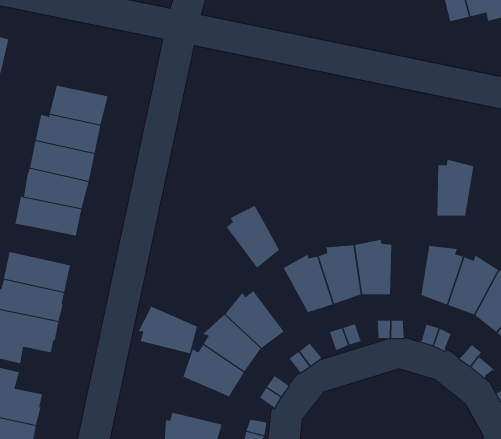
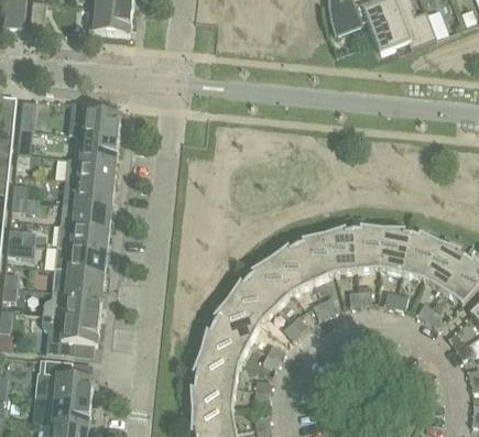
building: none -> [67,100,121,138]
building: [436,159,474,216] -> [355,225,383,270]
building: [226,205,280,269] -> [250,258,294,307]
building: none -> [55,245,107,273]
building: [138,306,198,354] -> [194,351,240,385]

